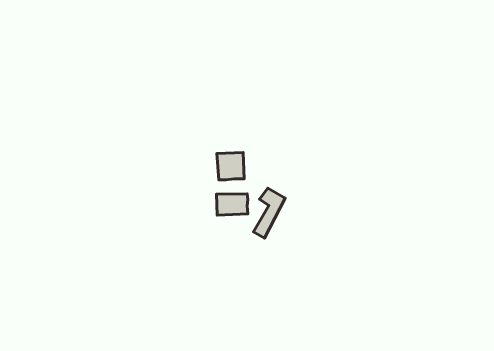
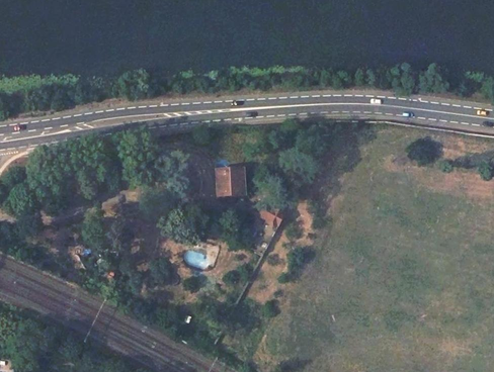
building: [216,194,248,215] -> none

